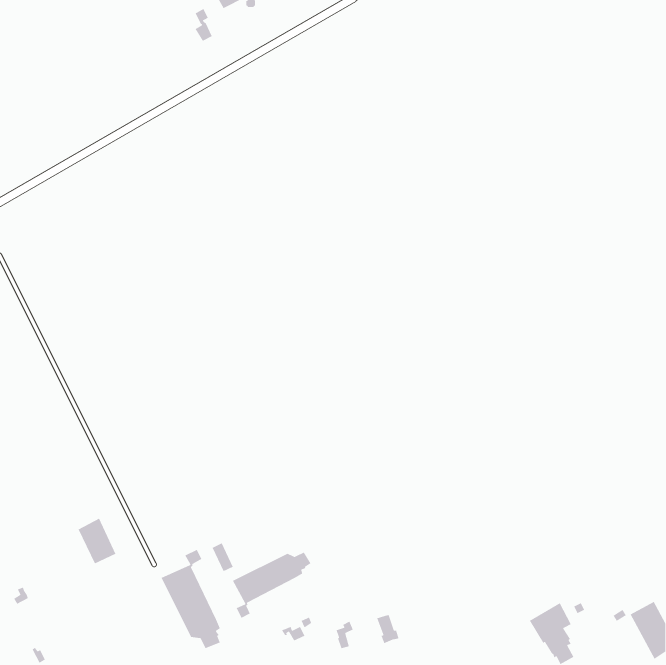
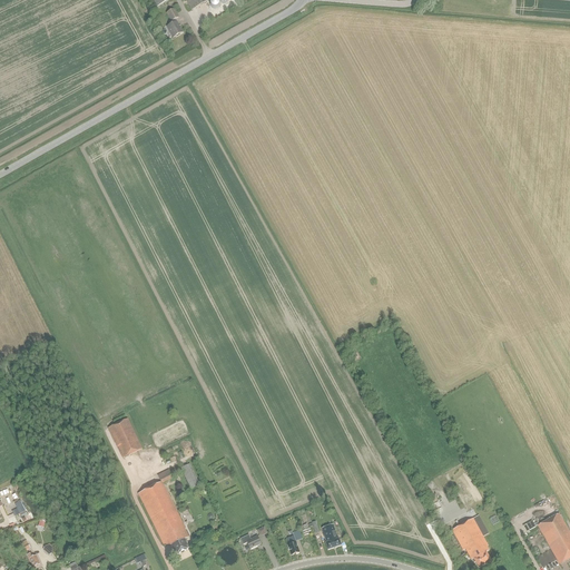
building: [77,518,117,565] -> [108,416,141,456]
building: [232,551,312,619] -> none

